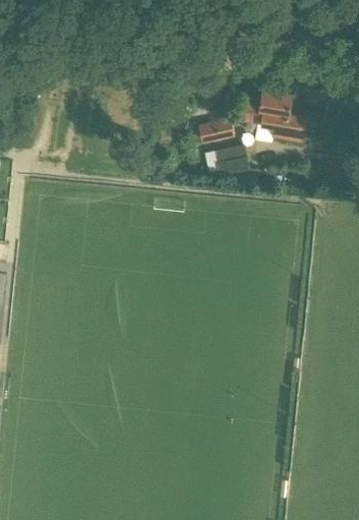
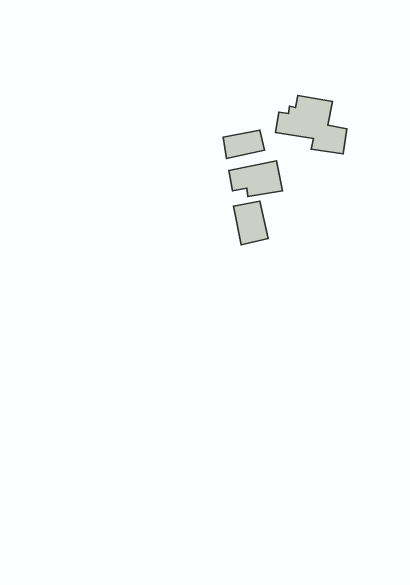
building: none -> [233,201,268,245]

